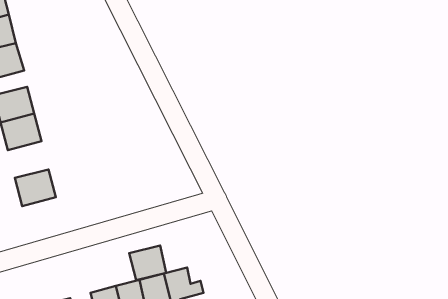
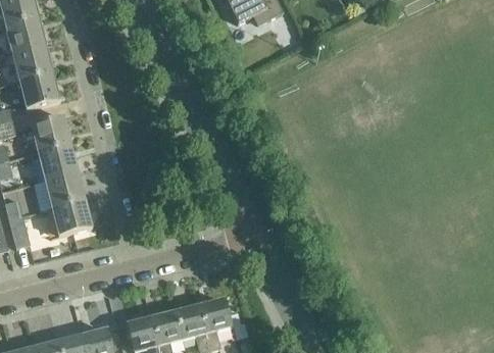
building: none -> [43,171,84,208]
building: [129,246,166,280] -> none

